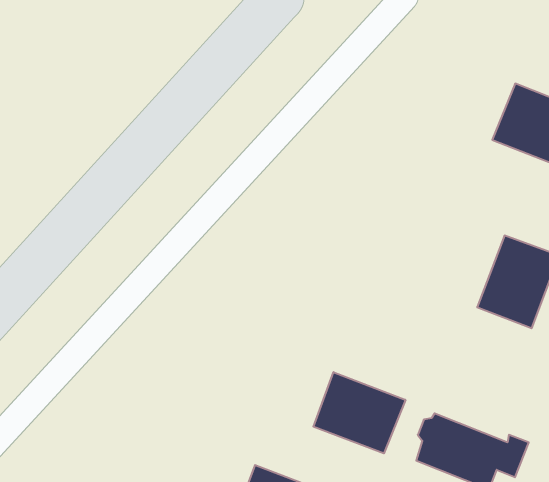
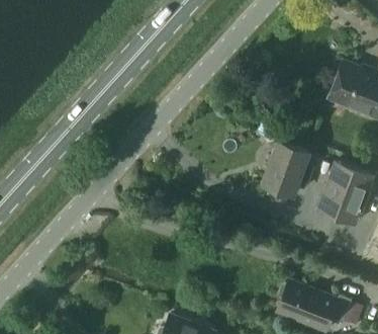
building: none -> [264,142,314,194]
building: [313,372,405,453] -> none

